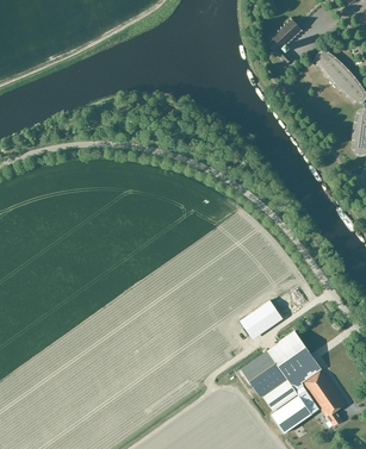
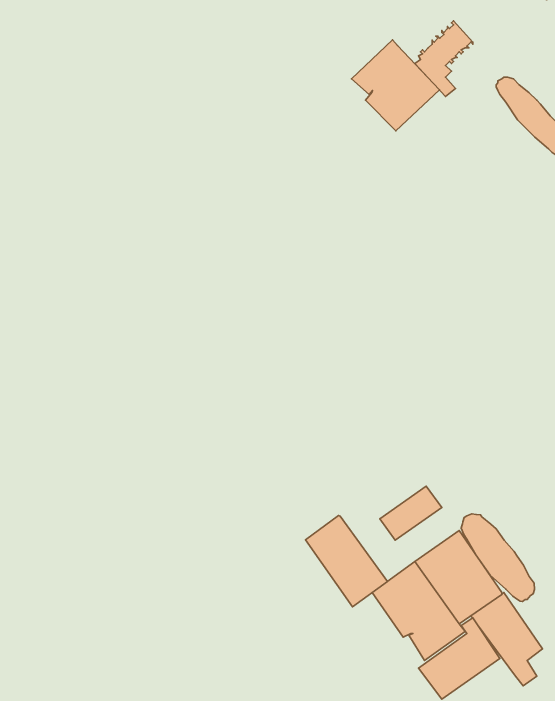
building: none -> [351,40,440,131]
building: none -> [461,514,534,601]
building: none -> [305,515,388,607]

